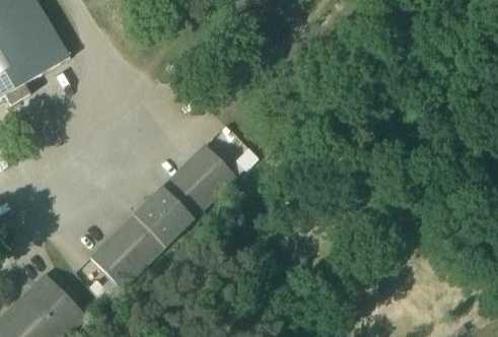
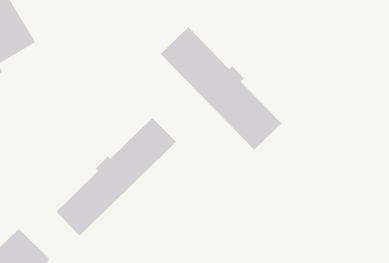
building: none -> [160,24,285,151]

